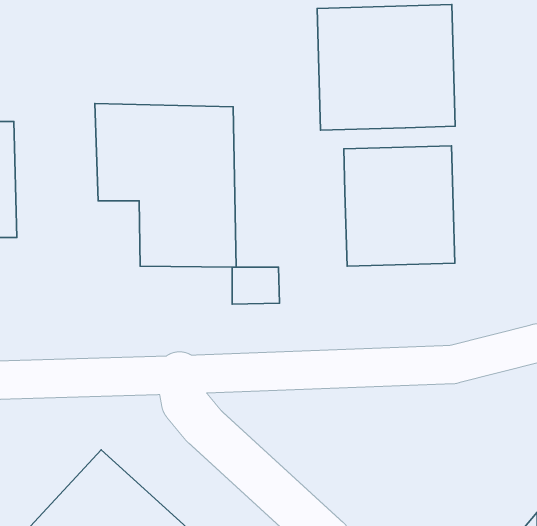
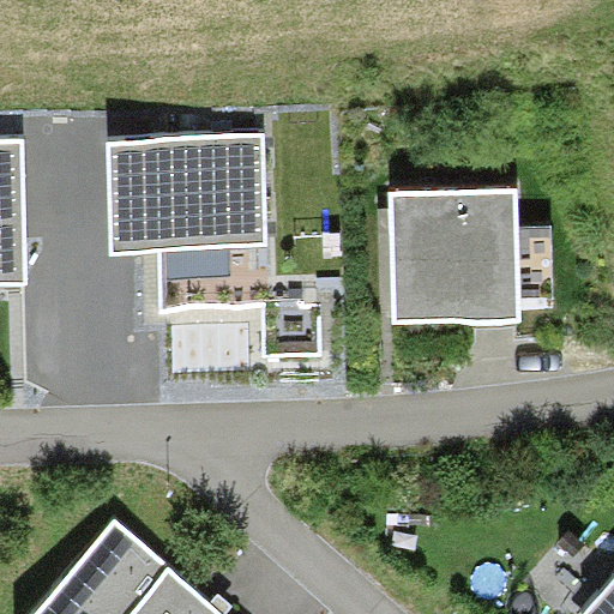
building: [317,5,455,130] -> none

